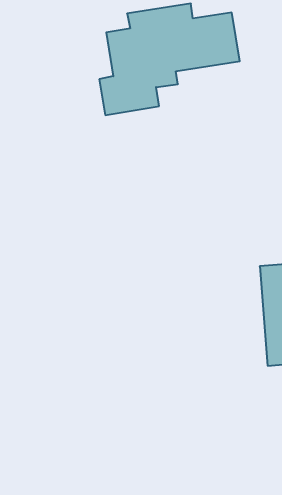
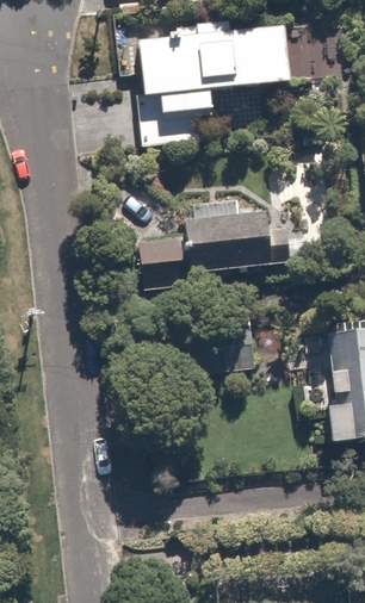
building: none -> [136,213,282,279]

